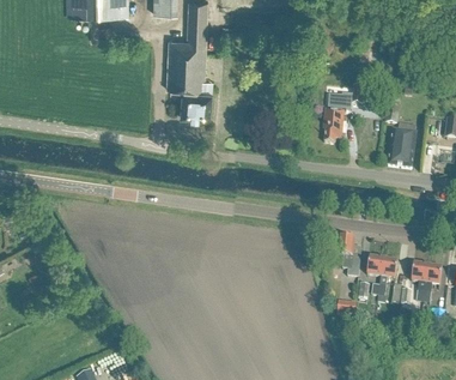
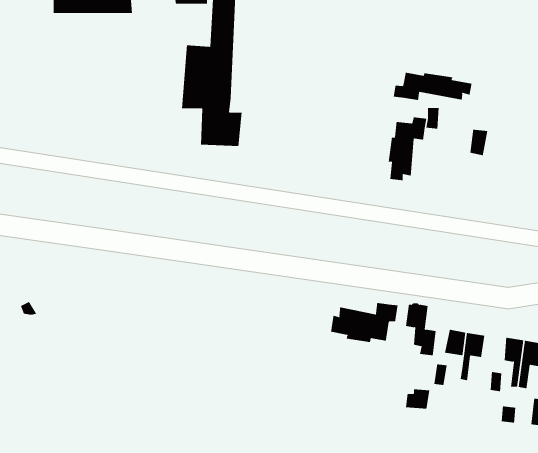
building: none -> [393,72,472,101]
building: [388,128,417,168] -> none
building: none -> [330,302,398,343]

